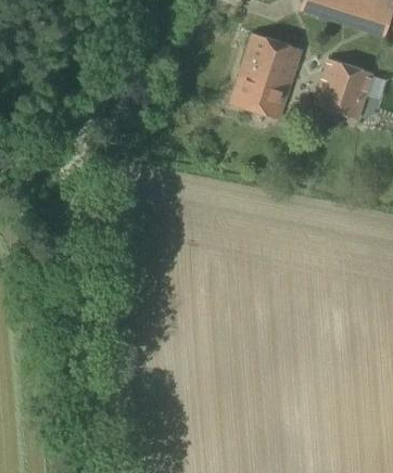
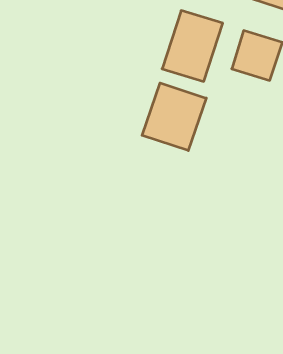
building: none -> [142,83,206,151]

